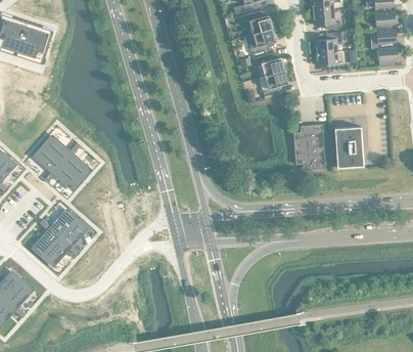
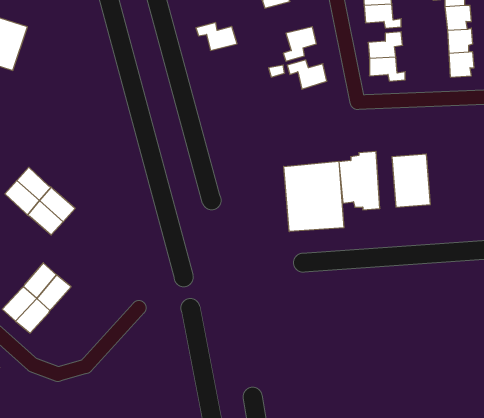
building: [240,12,272,34] -> [196,23,237,50]
building: [262,71,287,97] -> none
building: none -> [284,161,344,232]

